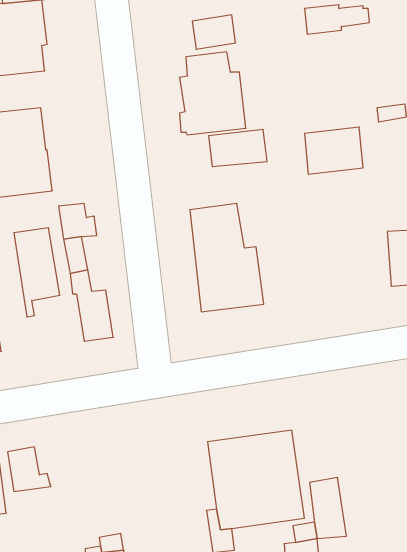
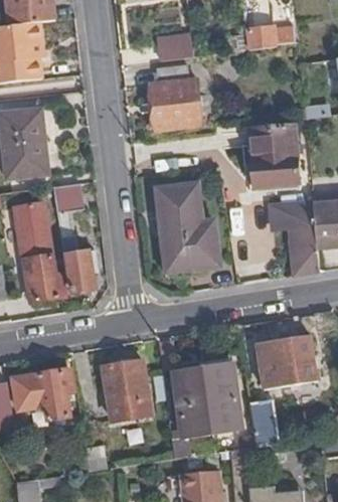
building: [208,130,267,167] -> [249,155,296,184]
building: none -> [270,203,317,276]
building: none -> [28,256,66,302]
building: none -> [255,335,319,390]
building: none -> [99,359,155,426]
building: none -> [33,369,71,417]

